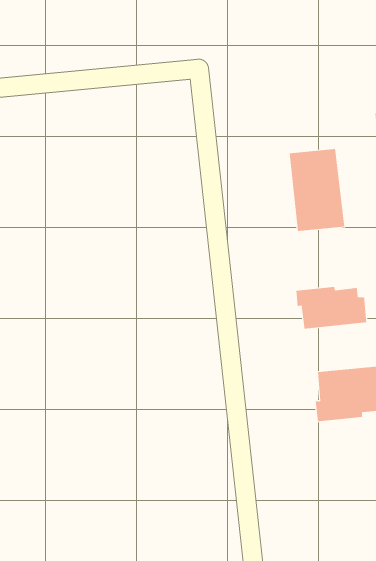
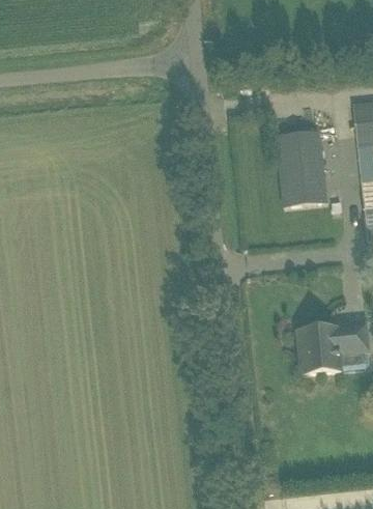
building: [296,286,367,330] -> none

